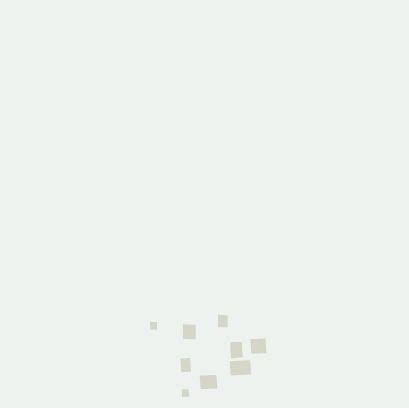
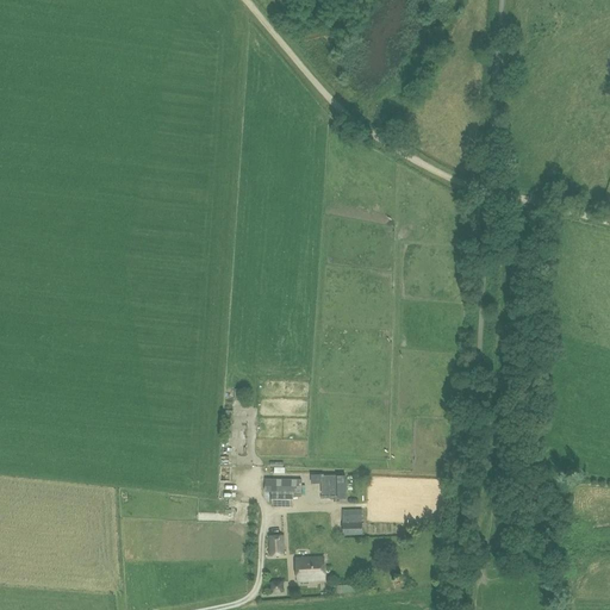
building: [250,338,267,355] -> none
building: [229,359,251,376] -> none

